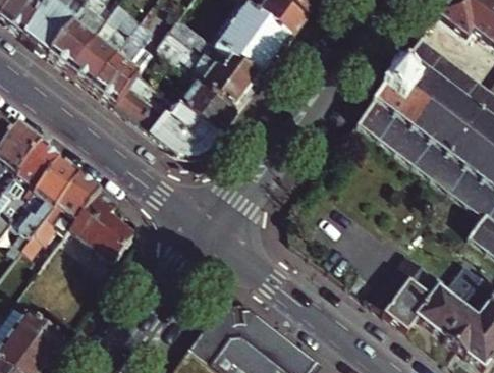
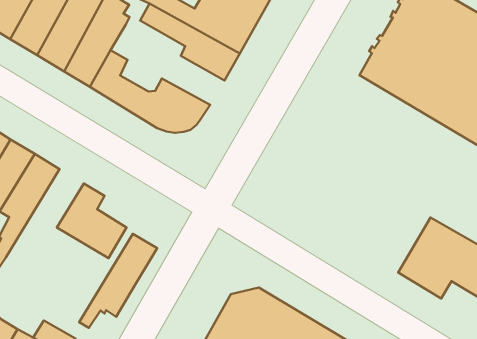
building: [175,84,235,134] -> none
building: [21,175,99,255] -> [79,234,157,328]

